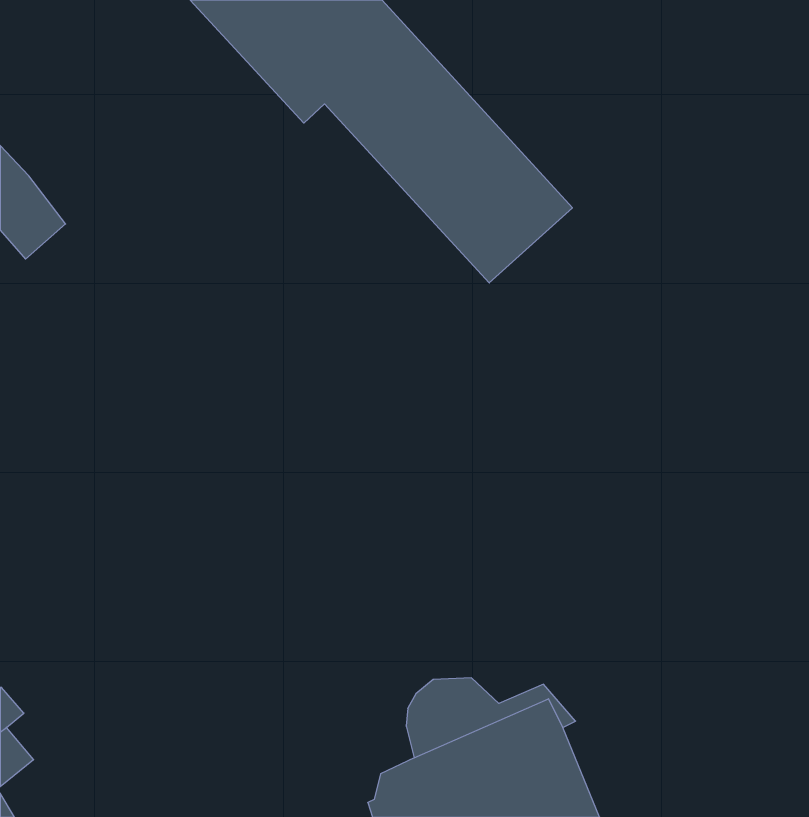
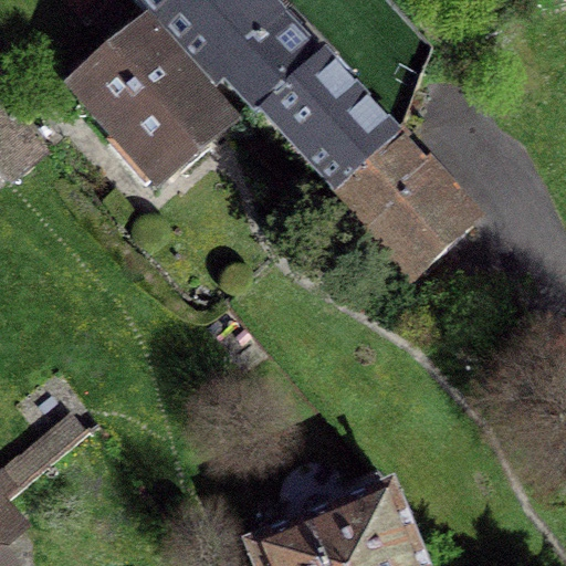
building: none -> [82,35,231,186]
building: none -> [344,144,478,279]

